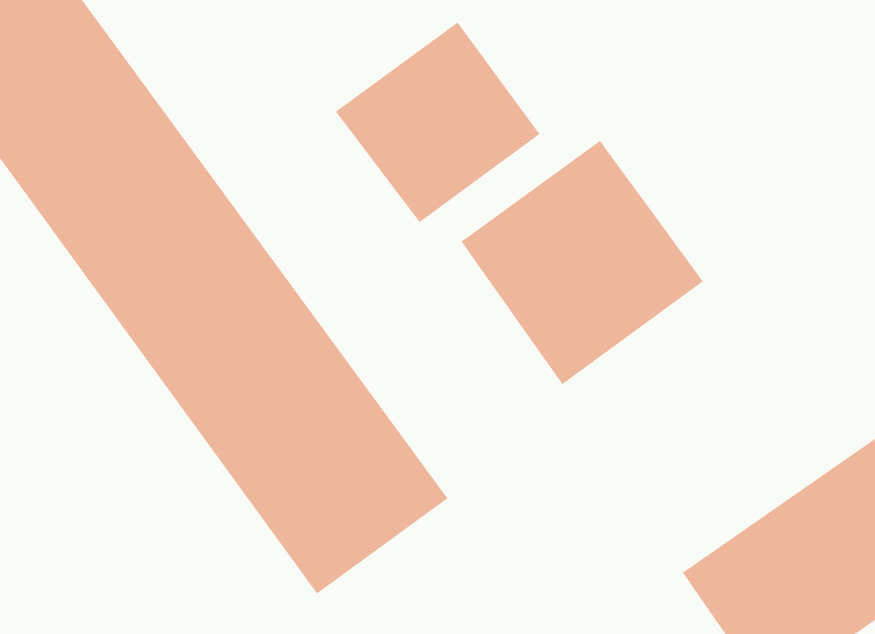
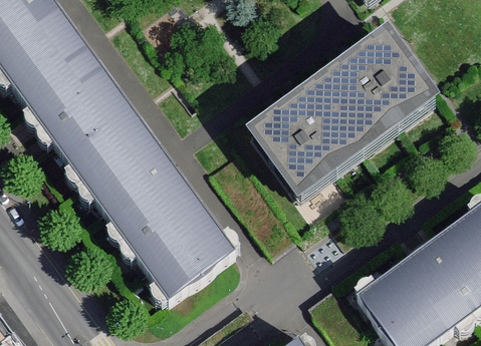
building: [335,22,540,223] -> none
building: none -> [316,24,440,146]

